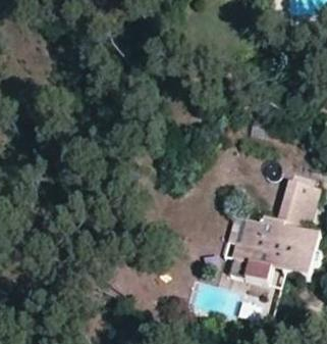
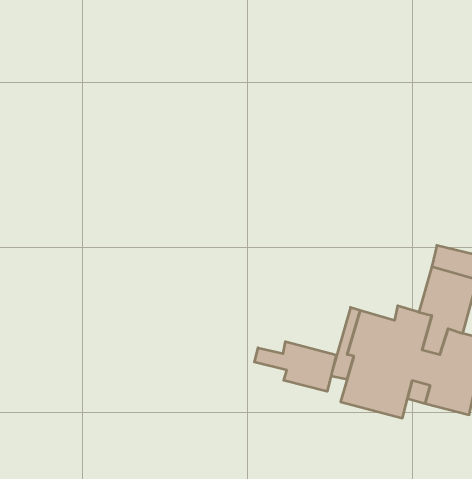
building: none -> [254,342,336,391]

